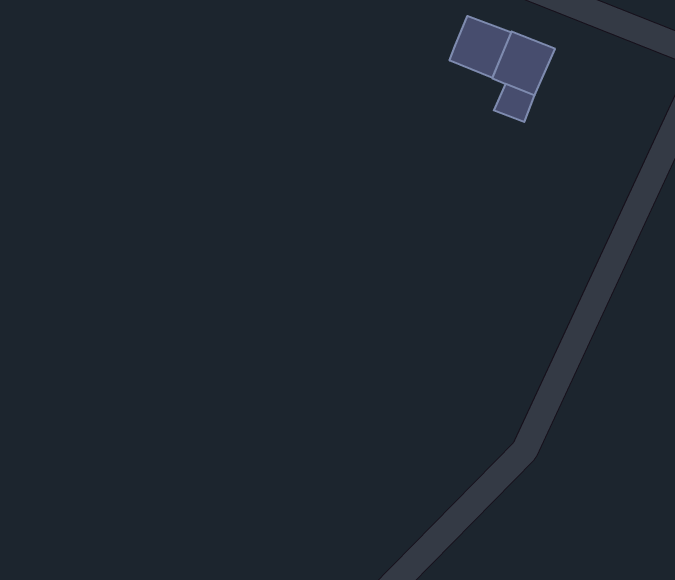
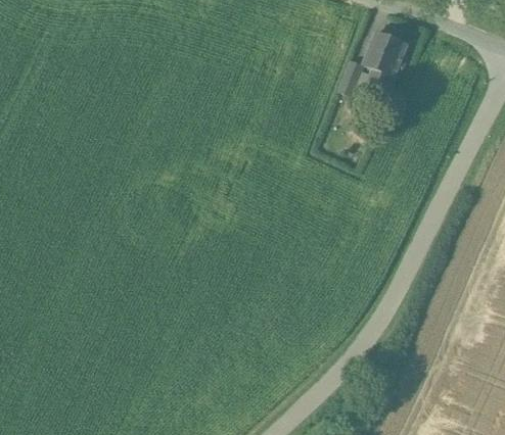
building: [450,16,511,78] -> none

